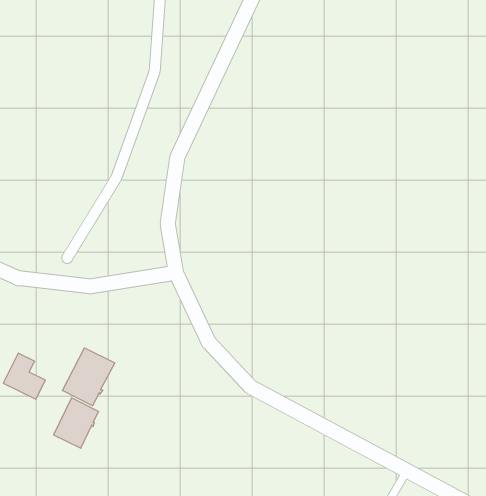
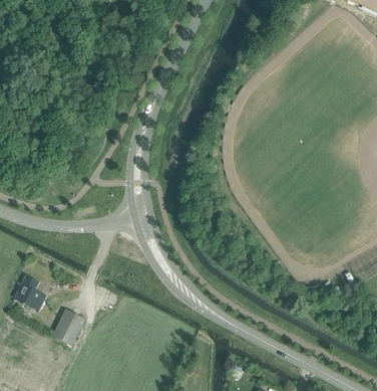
building: [62,348,115,406] -> none

